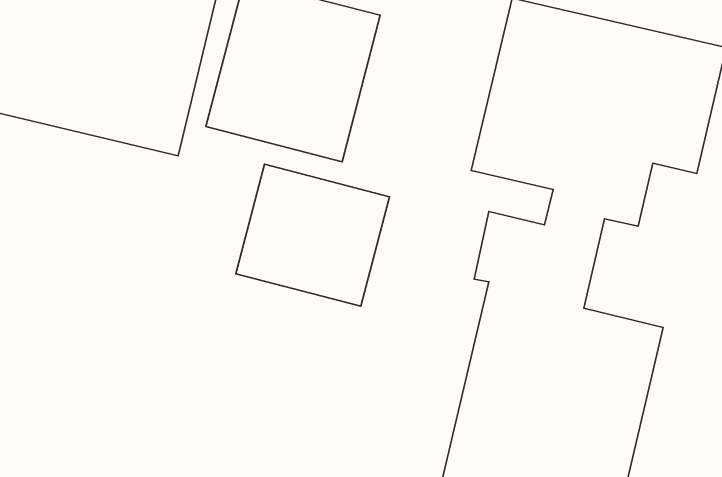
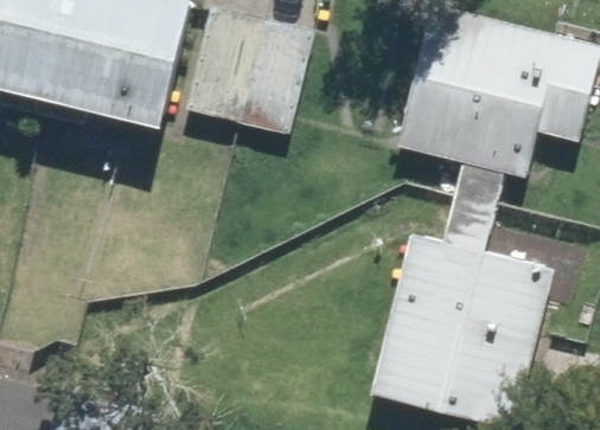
building: [236,164,390,306] -> none

